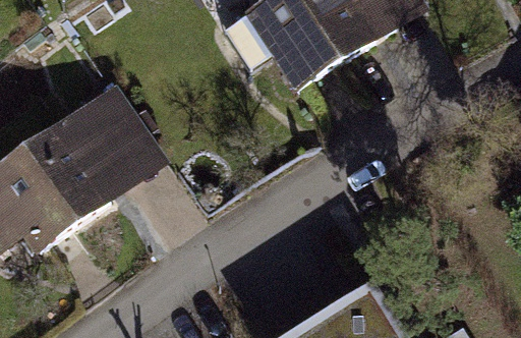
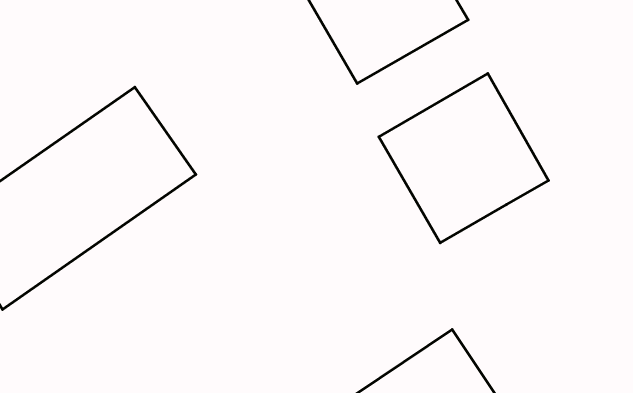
building: none -> [379,73,549,243]

